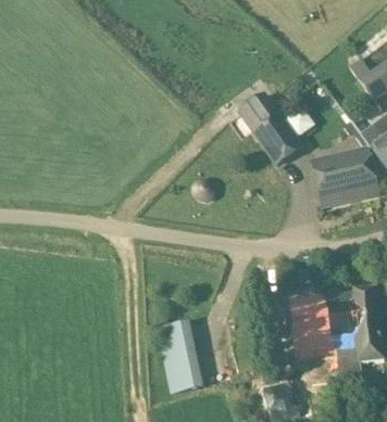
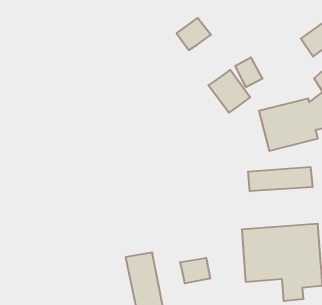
building: [239,94,278,131] -> [177,18,211,50]
building: none -> [248,167,312,191]
building: none -> [180,258,210,283]

